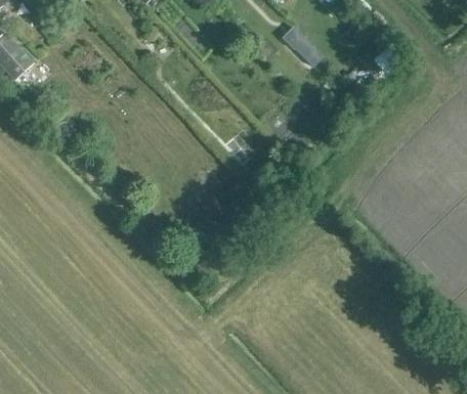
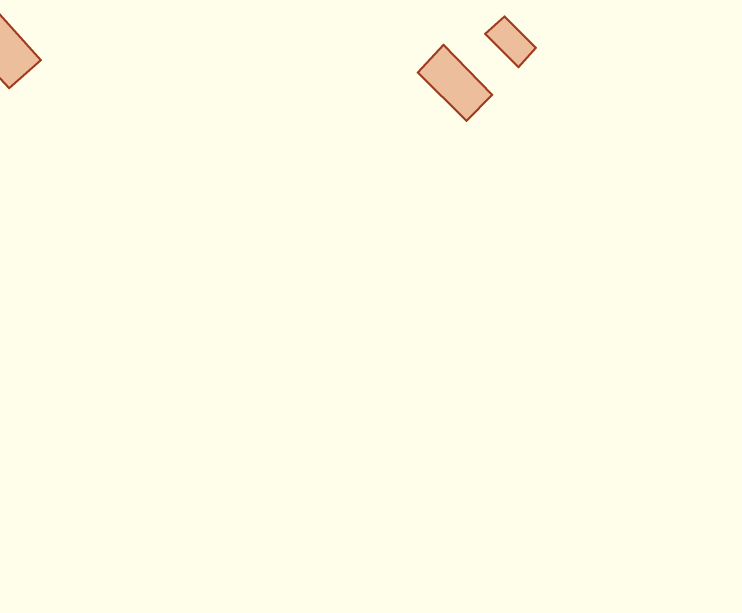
building: none -> [418,45,492,121]

